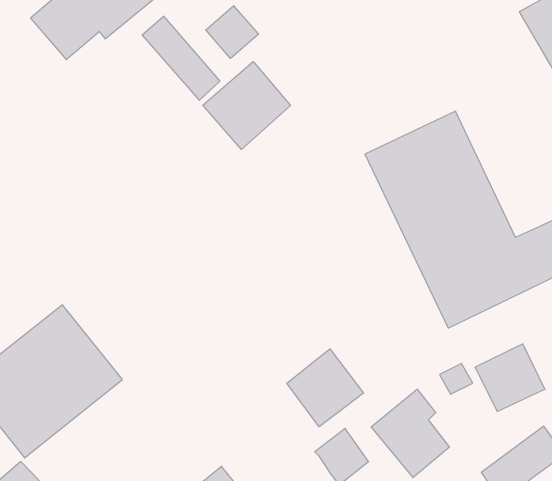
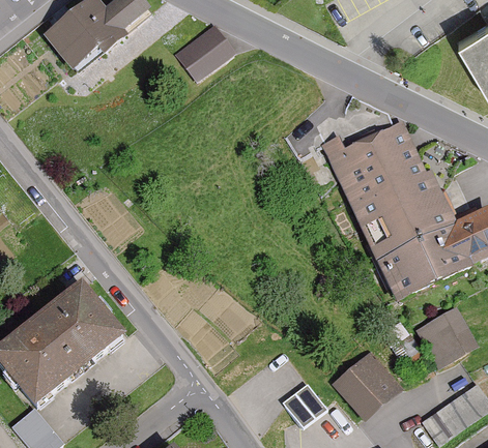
building: [142,16,220,100] -> none
building: [203,62,290,150] -> none
building: [287,349,364,427] -> none

